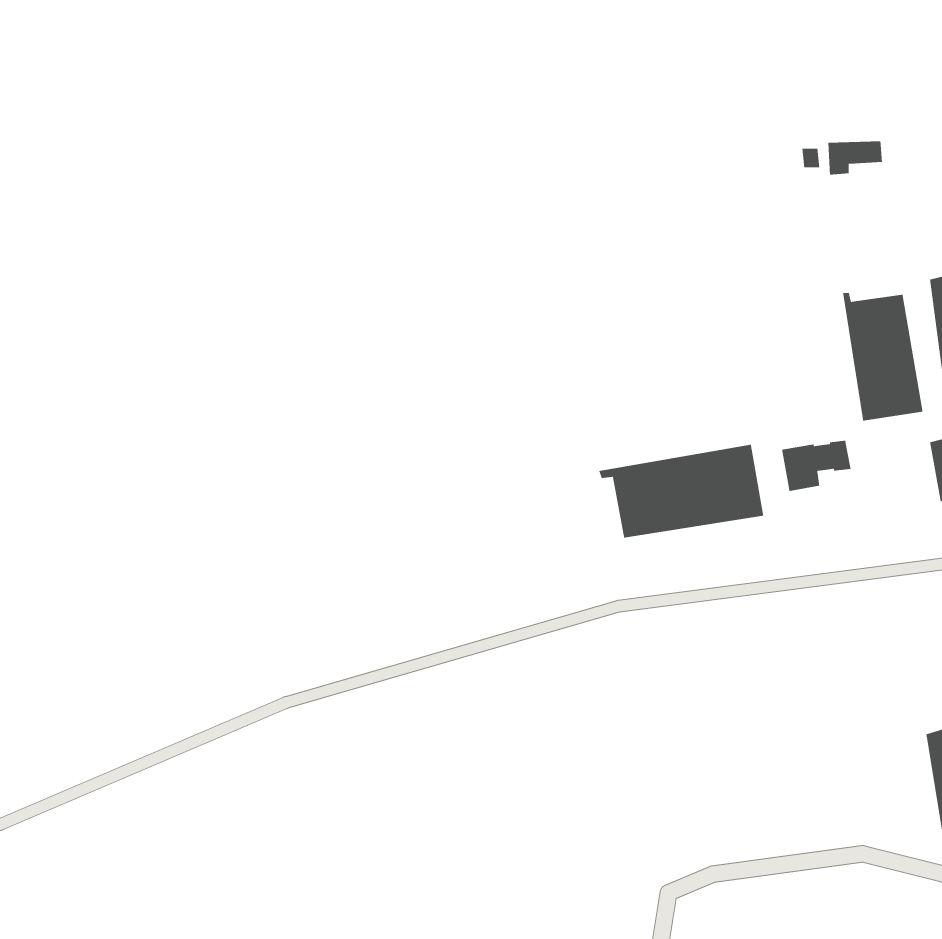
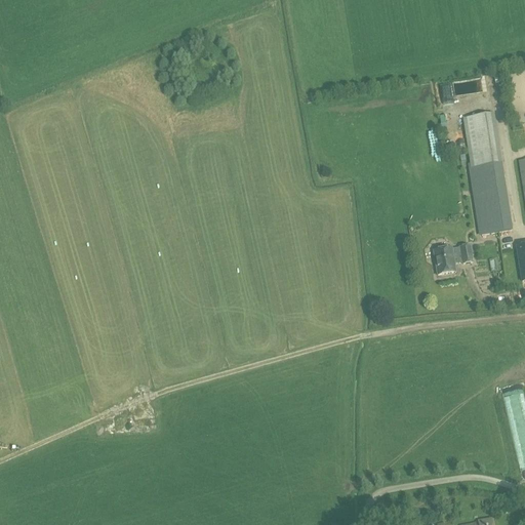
building: none -> [466,113,502,167]
building: [598,444,764,539] -> none

